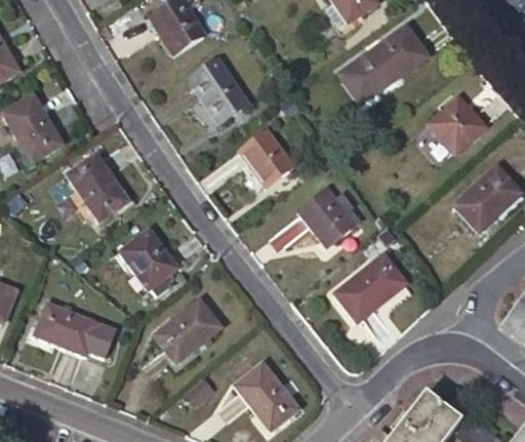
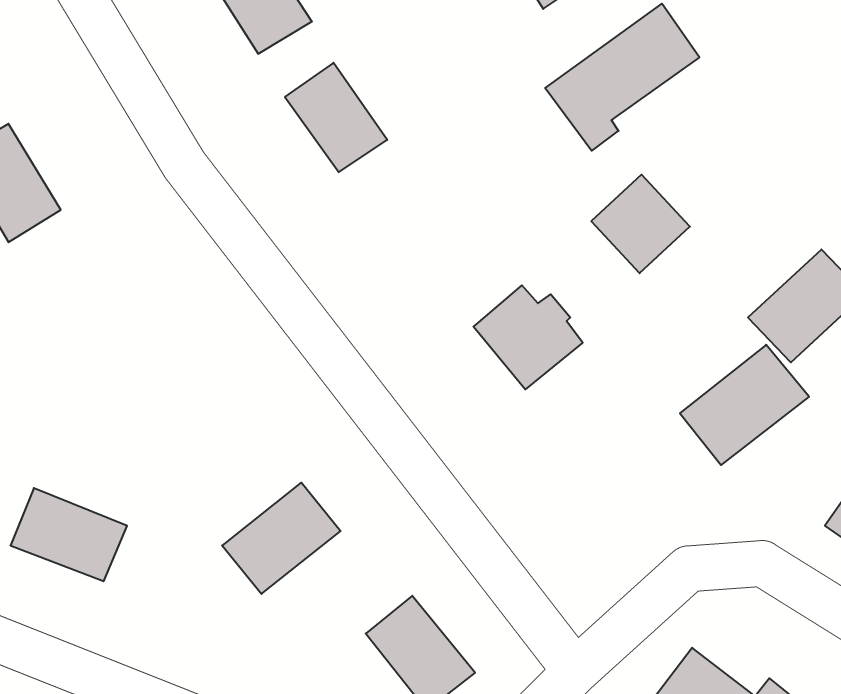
building: [429,96,485,153] -> [591,175,690,273]
building: [235,124,293,187] -> none
building: [67,154,128,220] -> none
building: [119,228,178,296] -> none
building: [333,253,407,322] -> [680,345,809,465]

